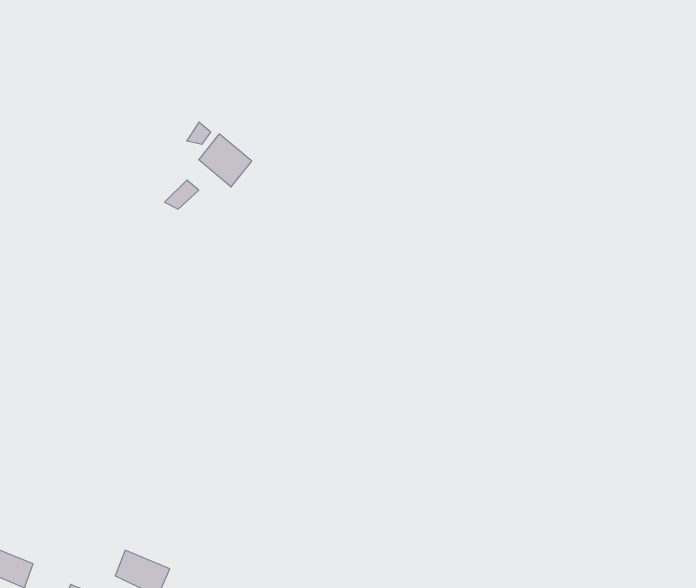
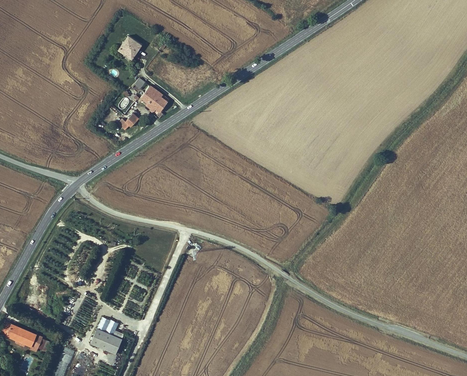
building: none -> [117,33,142,60]

